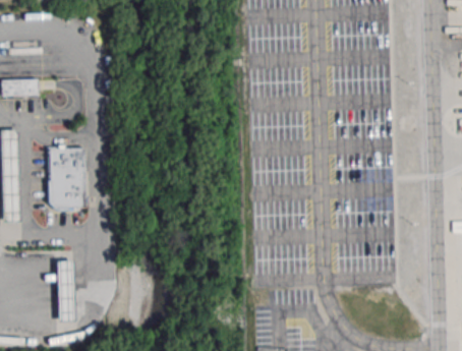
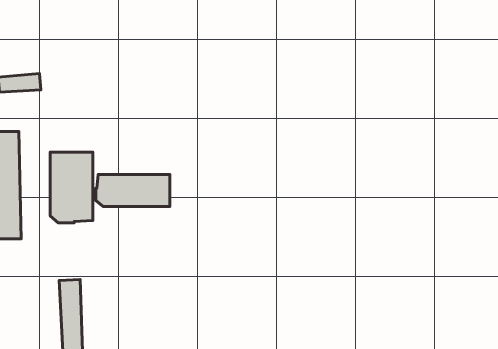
building: none -> [96,174,170,207]

